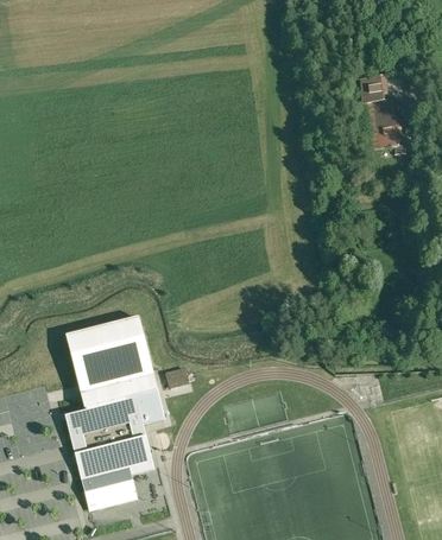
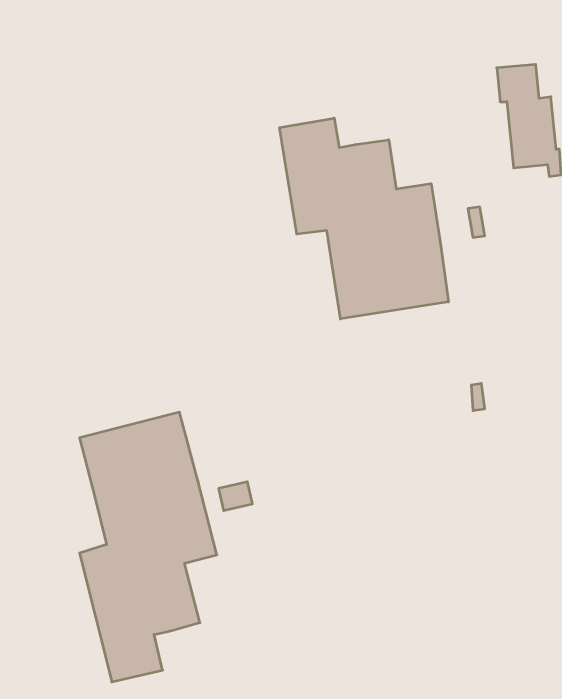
building: none -> [280,118,448,319]

